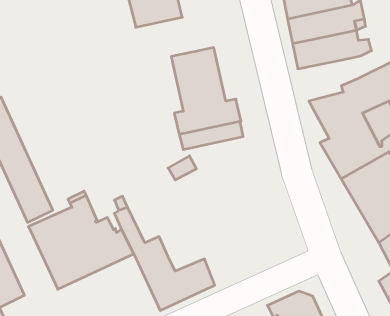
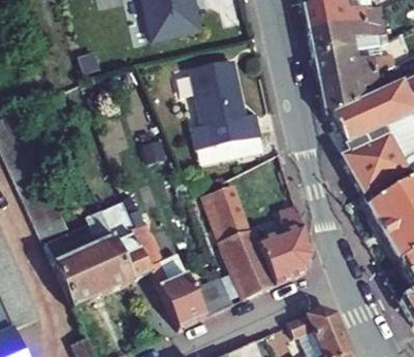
building: none -> [318,71,379,118]
building: none -> [206,184,313,299]

